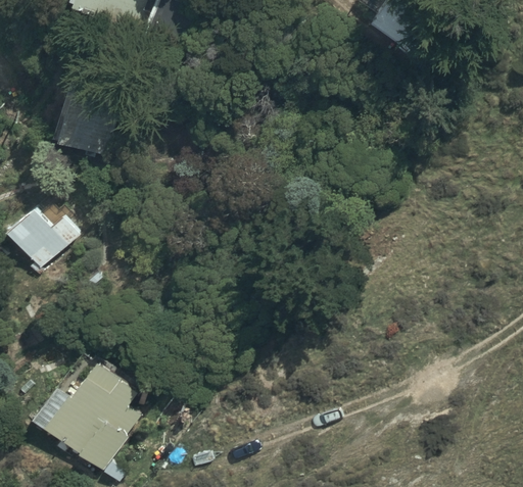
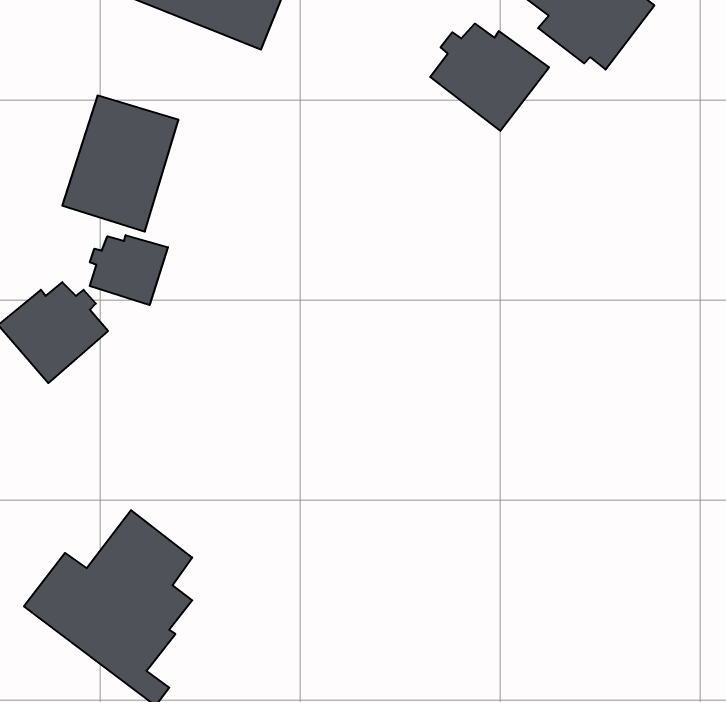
building: none -> [430,24,549,131]
building: none -> [90,235,168,305]

